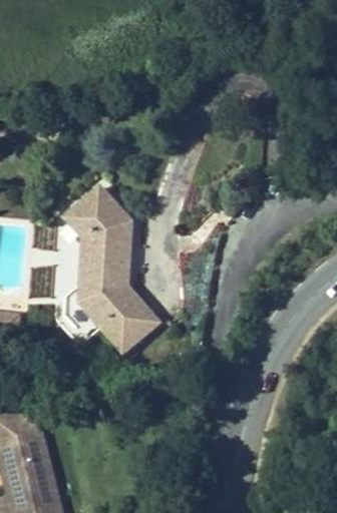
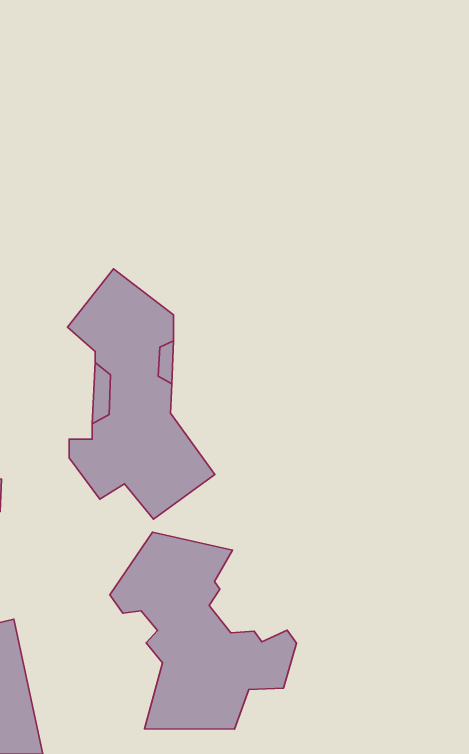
building: none -> [110,532,296,729]

